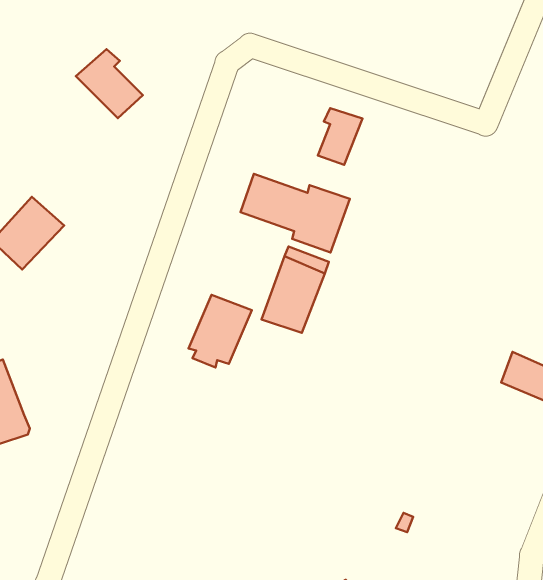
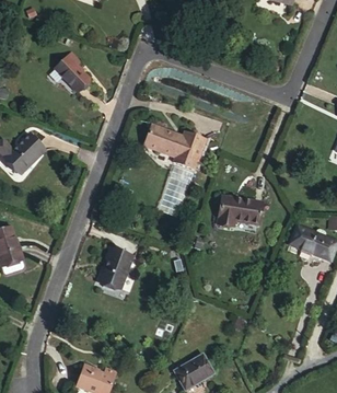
building: [318,108,363,165] -> none
building: none -> [218,193,264,223]
building: [189,295,252,368] -> [107,248,143,290]

